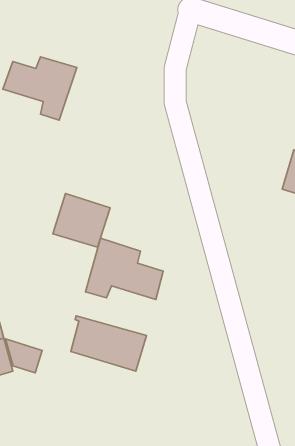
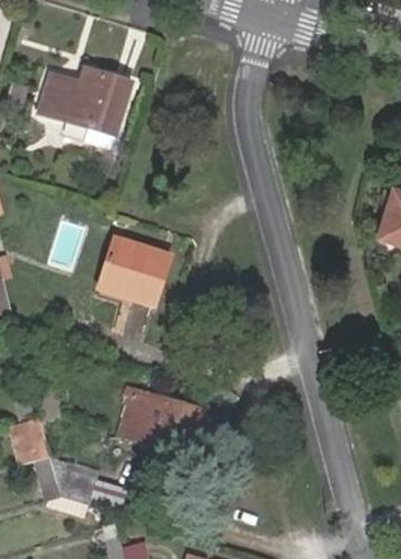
building: [85,238,163,299] -> none
building: [6,339,42,373] -> [51,464,96,505]

